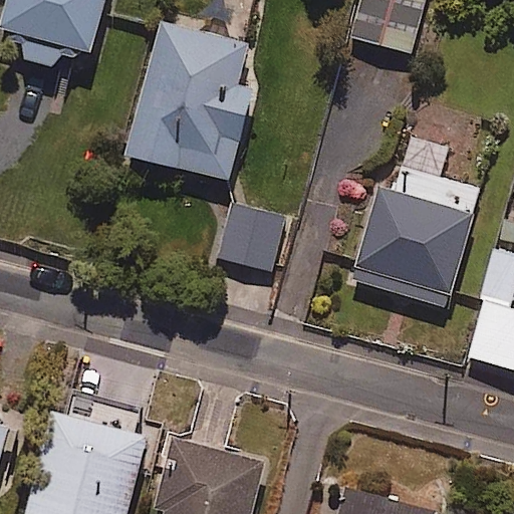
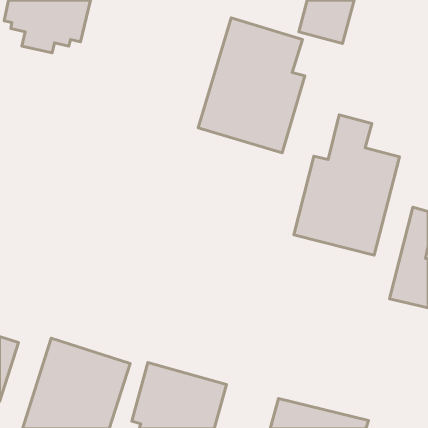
building: [121,20,249,182] -> [198,18,305,153]
building: [213,203,283,272] -> none

